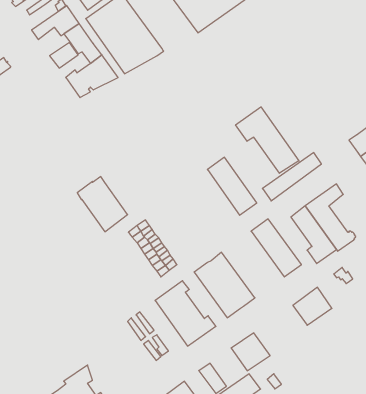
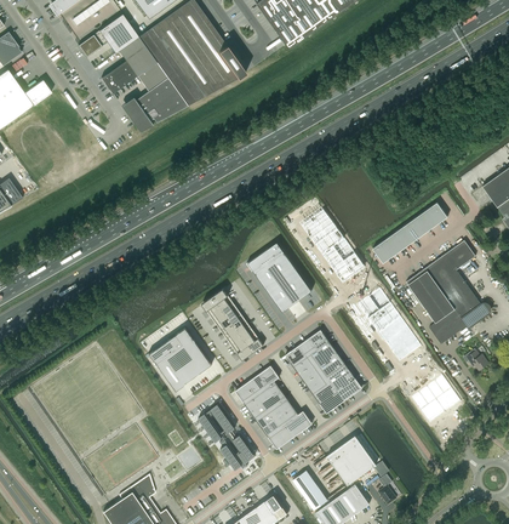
building: [236,107,299,173] -> none
building: [77,177,128,232] -> [247,241,311,312]
building: none -> [148,326,212,391]

